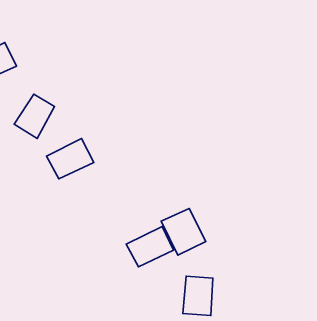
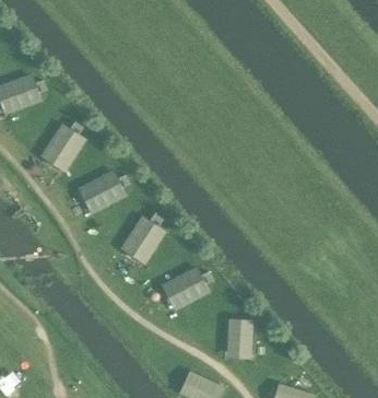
building: none -> [121,218,165,264]
building: [161,209,206,255] -> none

